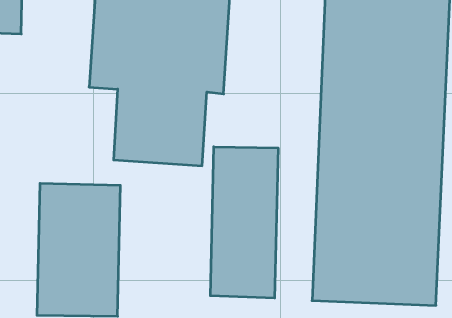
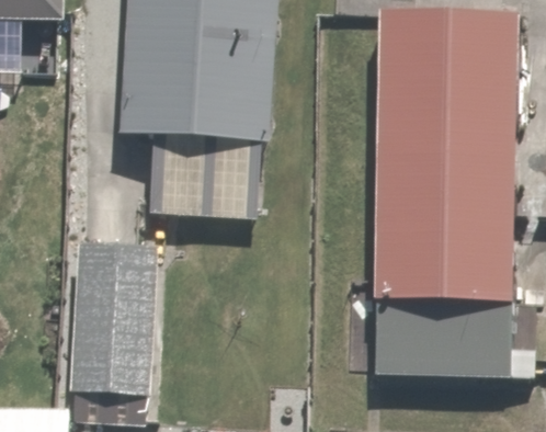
building: [210,147,278,298] -> none

